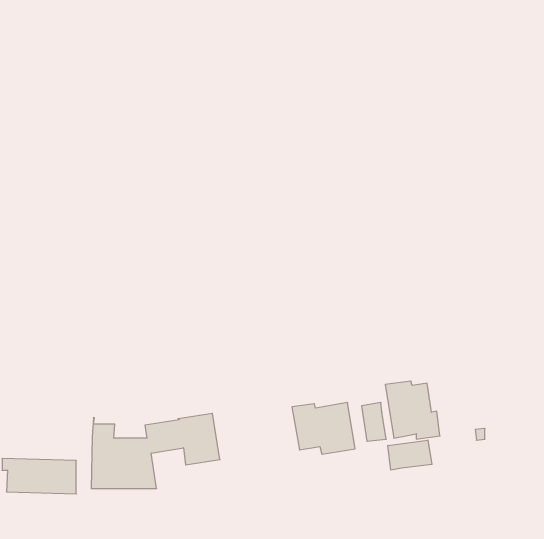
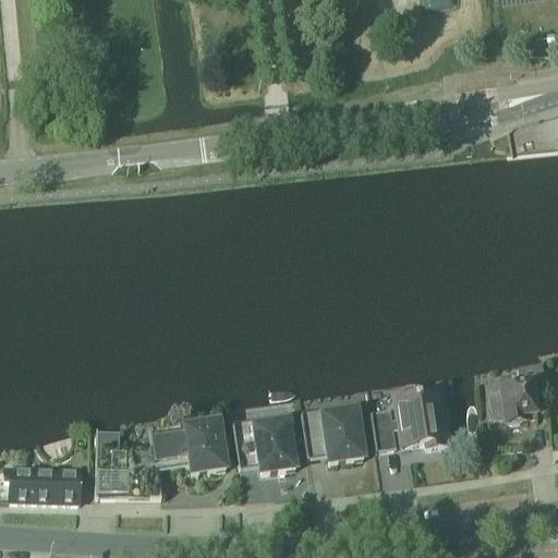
building: none -> [492,362,545,421]
building: none -> [235,418,298,472]
building: [388,440,432,470] -> none

